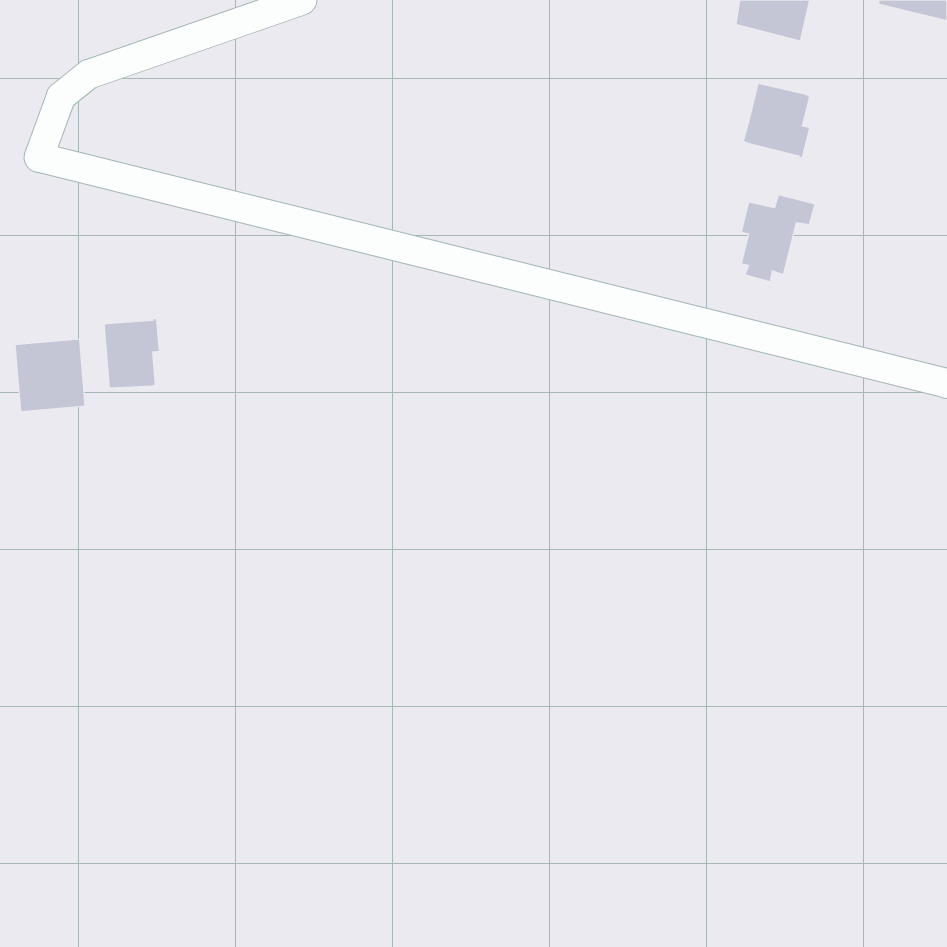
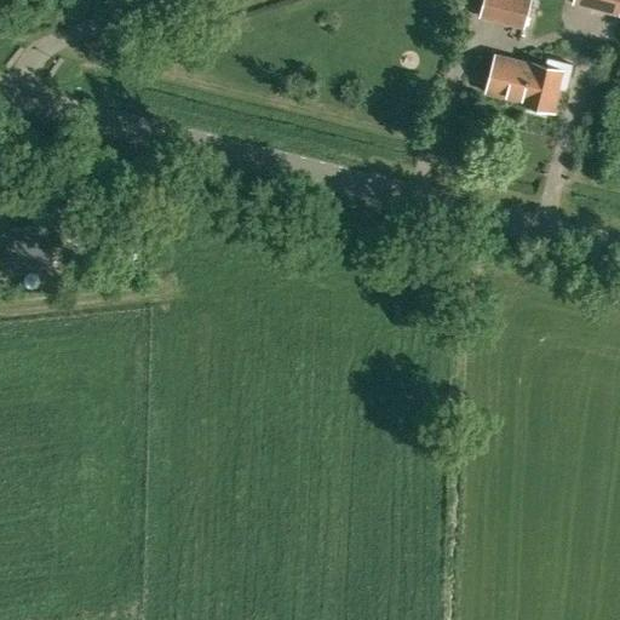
building: [741,195,815,282] -> [524,58,573,115]
building: [104,318,159,388] -> none

